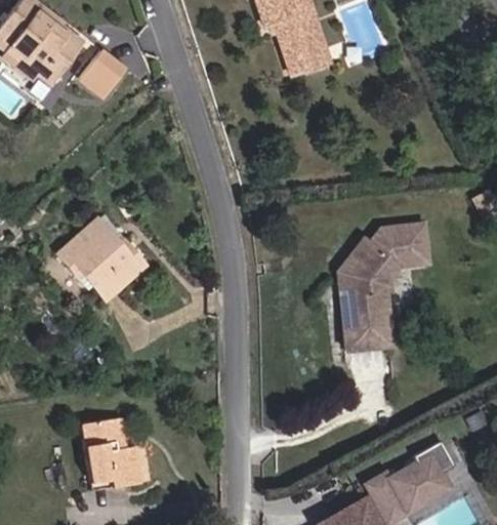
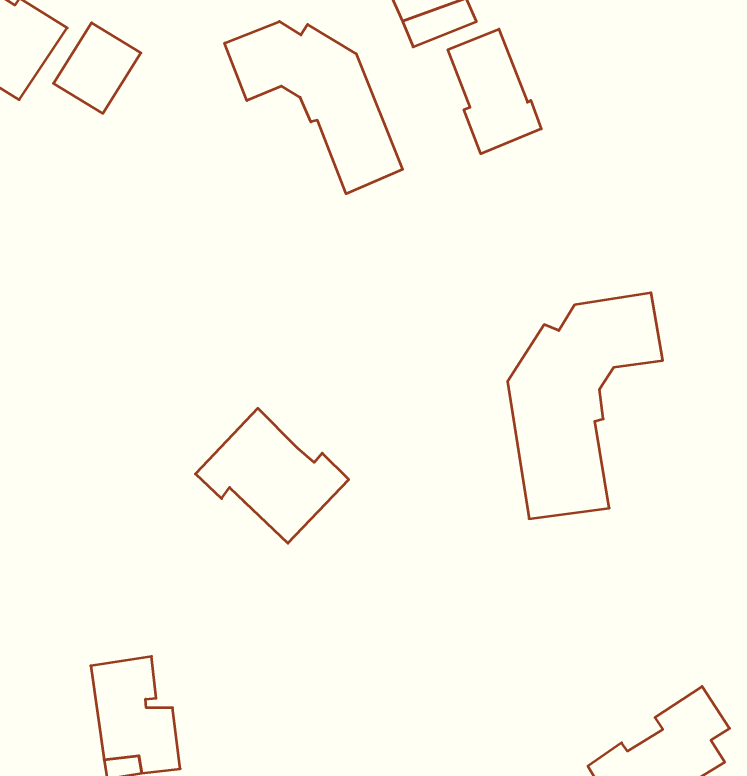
building: none -> [225,21,403,194]
building: none -> [448,29,541,154]
building: [60,213,150,293] -> [195,408,349,543]

